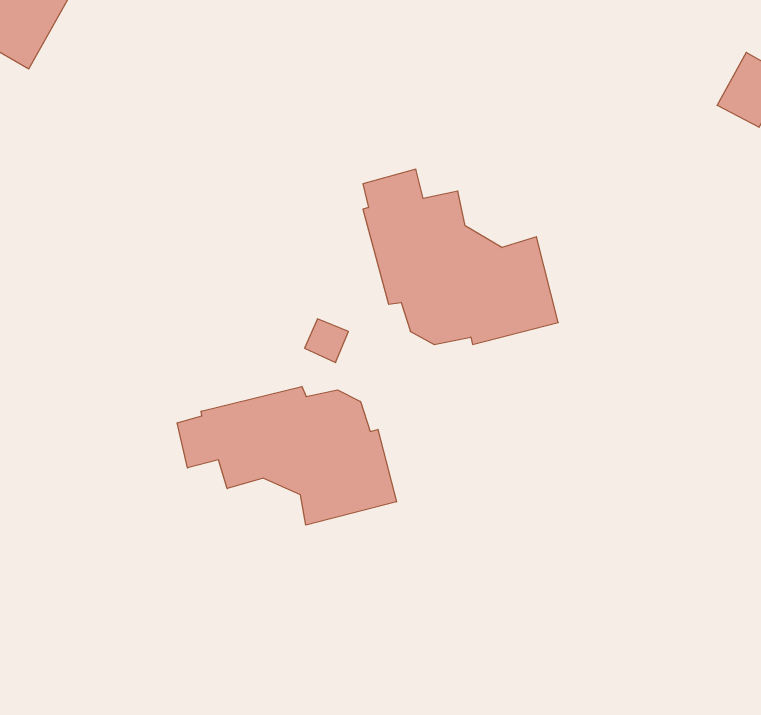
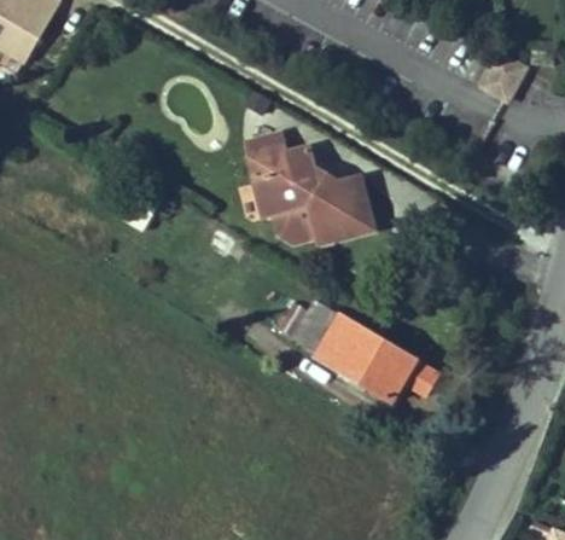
building: [177,386,396,525] -> none
building: none -> [279,298,436,405]

